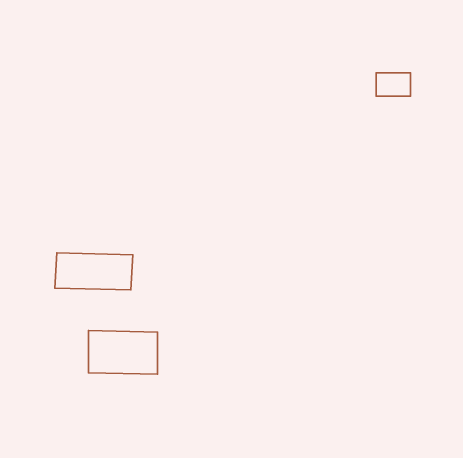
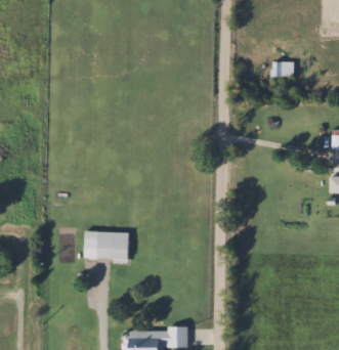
building: [55,253,133,290] -> none

